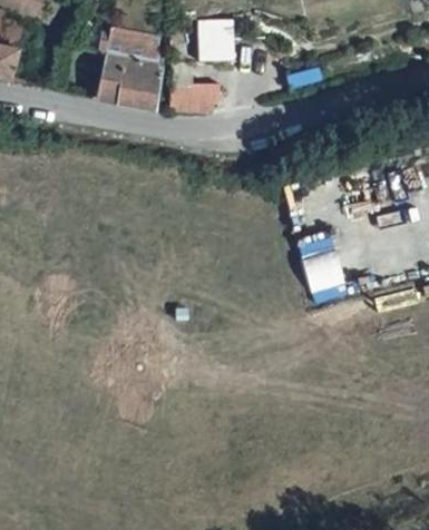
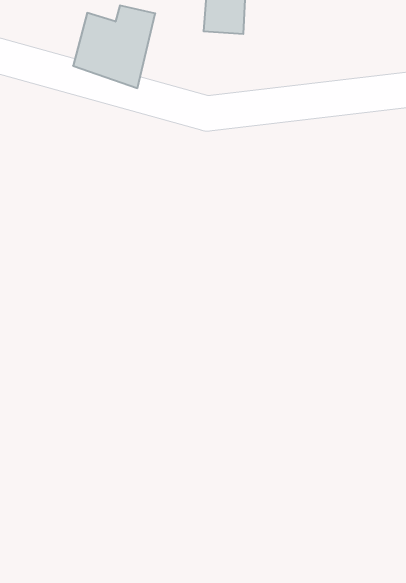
building: [169,87,217,112] -> none

